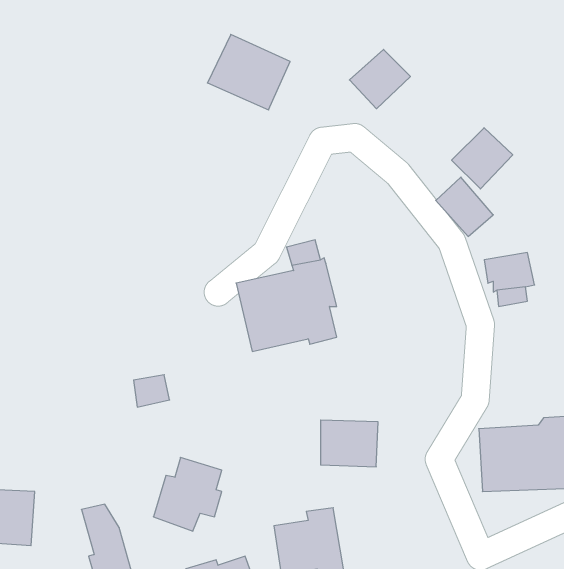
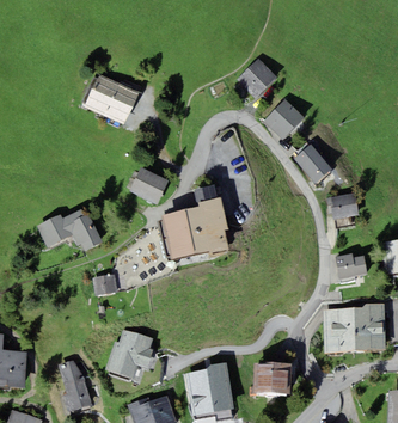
building: [207,34,290,110] -> [82,74,137,124]
building: [452,128,513,189] -> [263,99,304,140]
building: none -> [128,167,167,204]
building: none -> [36,206,103,251]
building: none -> [333,253,366,280]
building: [321,420,378,467] -> [252,362,290,393]

